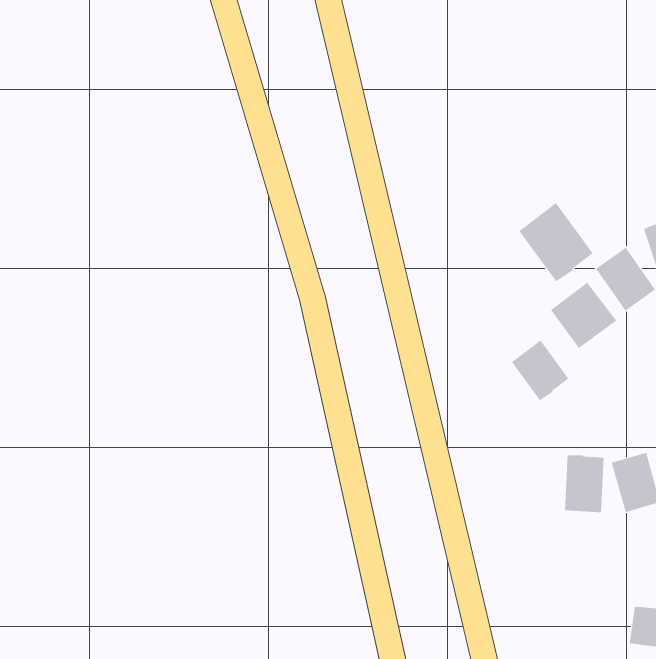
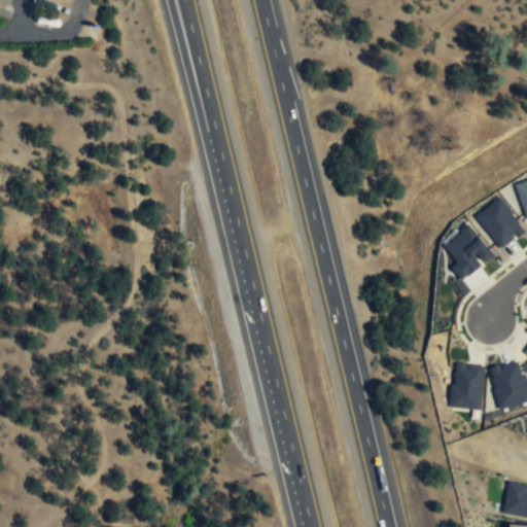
building: [519,202,593,282] -> none
building: [511,340,569,401] -> none

